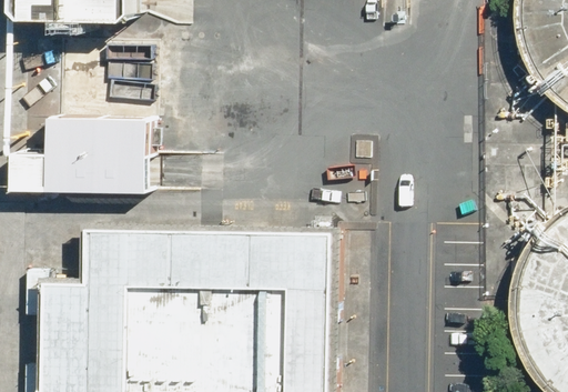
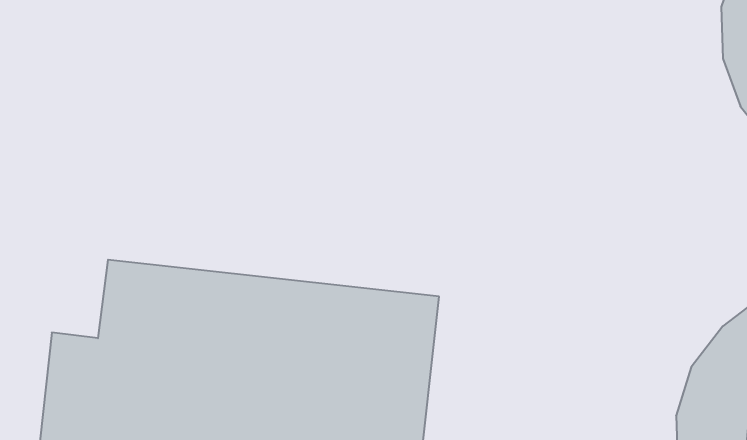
building: [30,103,135,171] -> none

